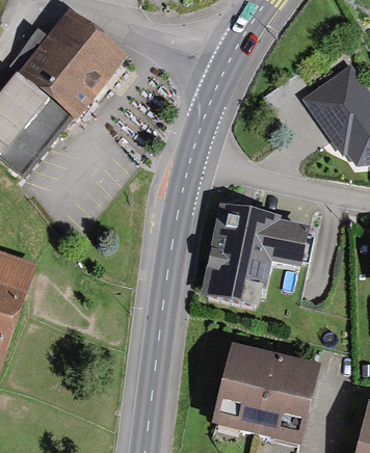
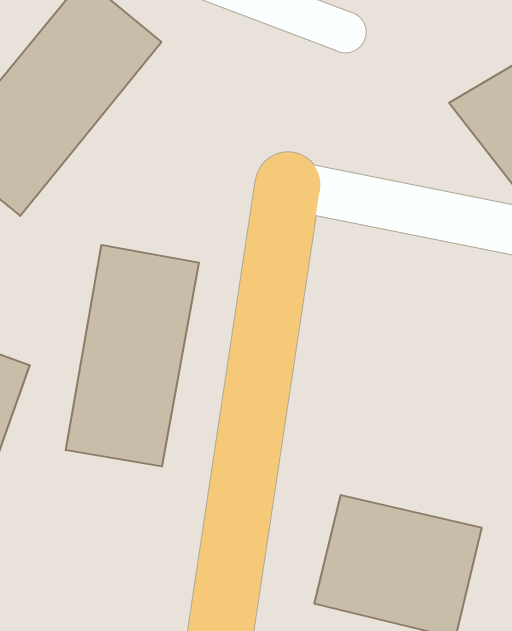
building: none -> [66,245,199,467]
building: [202,206,302,309] -> none

